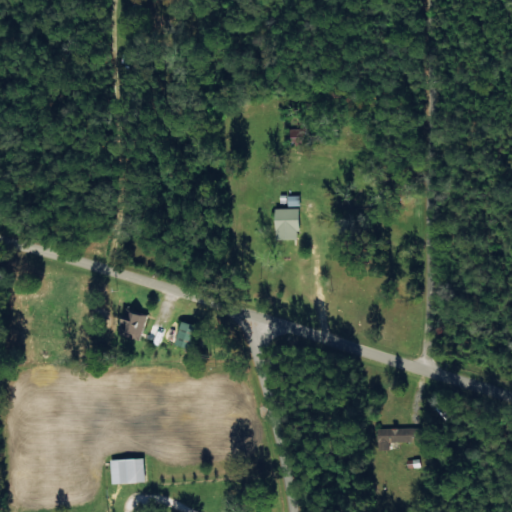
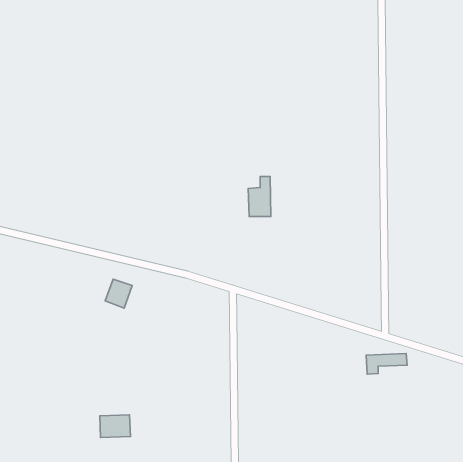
building: [173,321,198,350] -> none
building: [376,428,421,451] -> [366,353,407,374]

